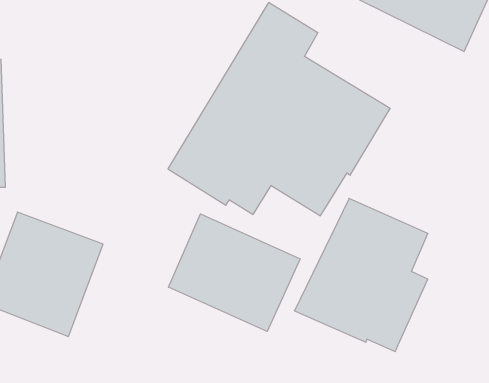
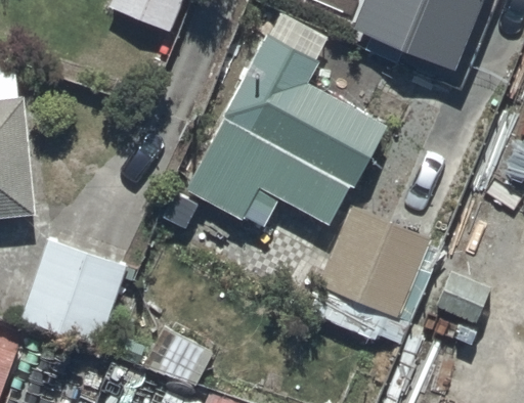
building: [169,214,300,331] -> none

